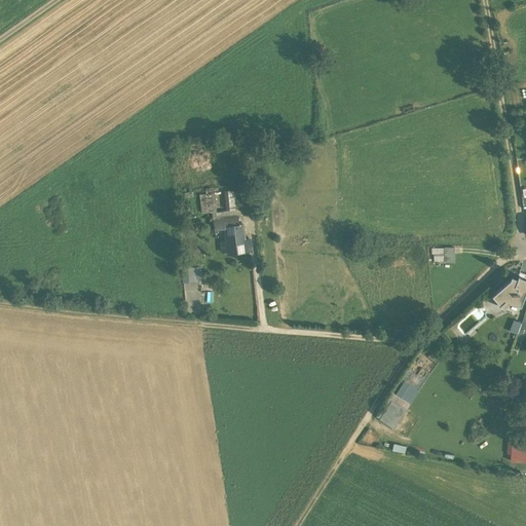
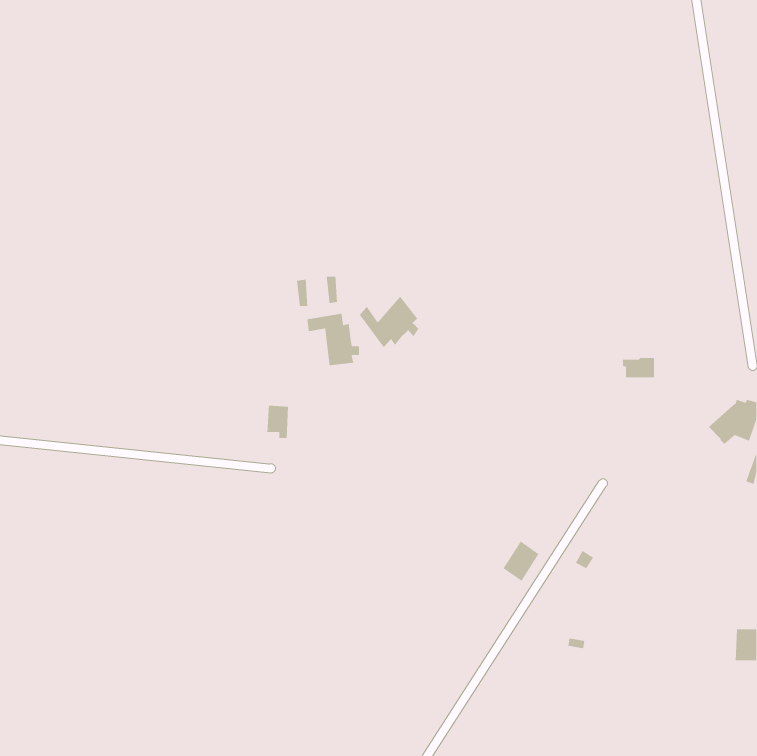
building: none -> [359,296,419,348]
building: [379,401,405,429] -> [503,540,540,582]

